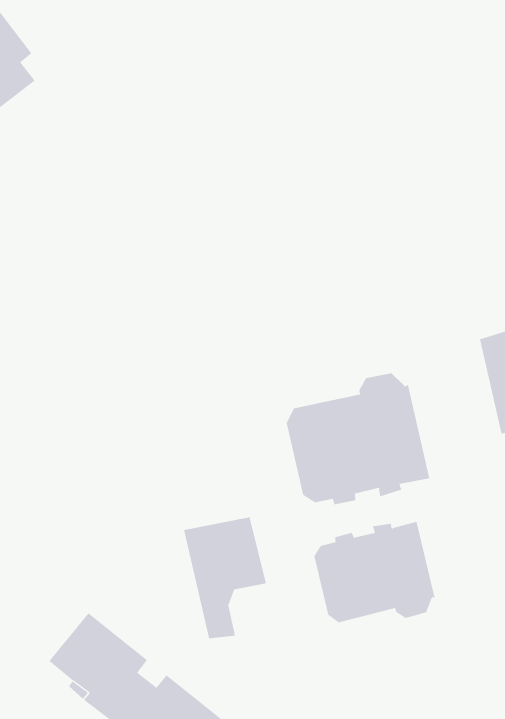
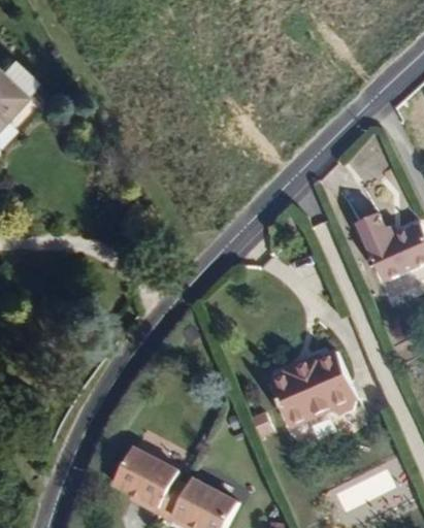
building: [286,372,430,505] -> none
building: [183,517,267,639] -> none

